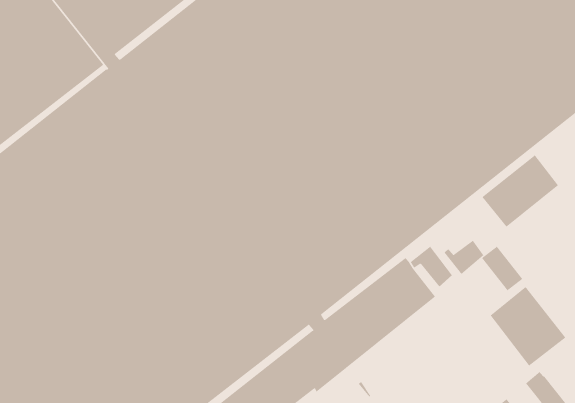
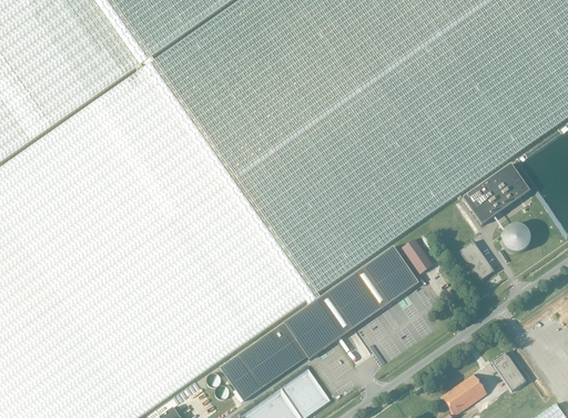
building: none -> [501,224,529,253]
building: [444,240,484,275] -> none
building: [490,286,566,367] -> none

